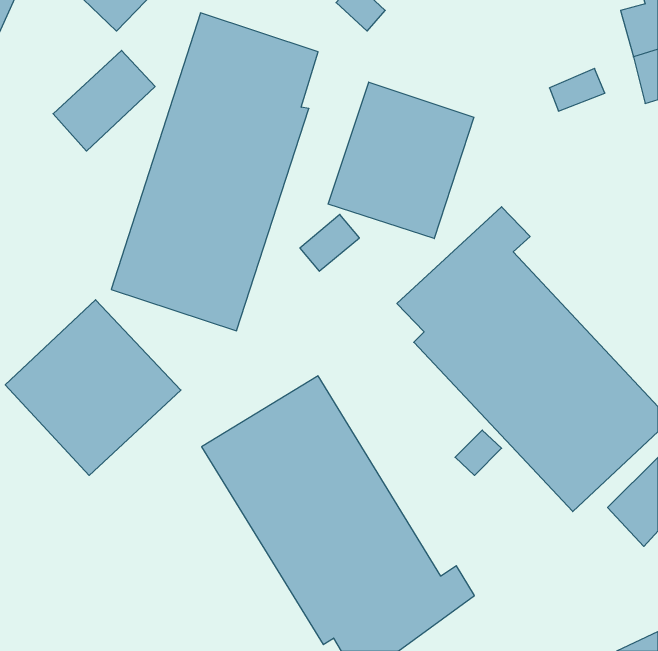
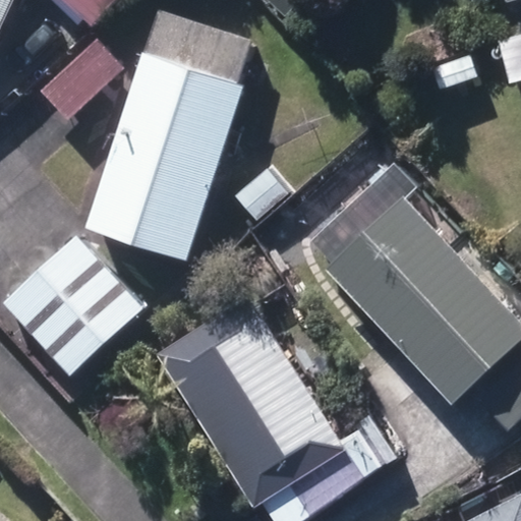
building: [328,82,474,239] -> none

